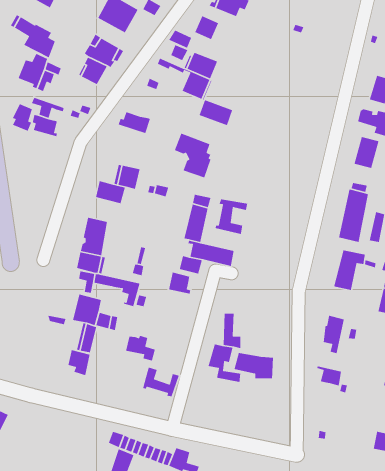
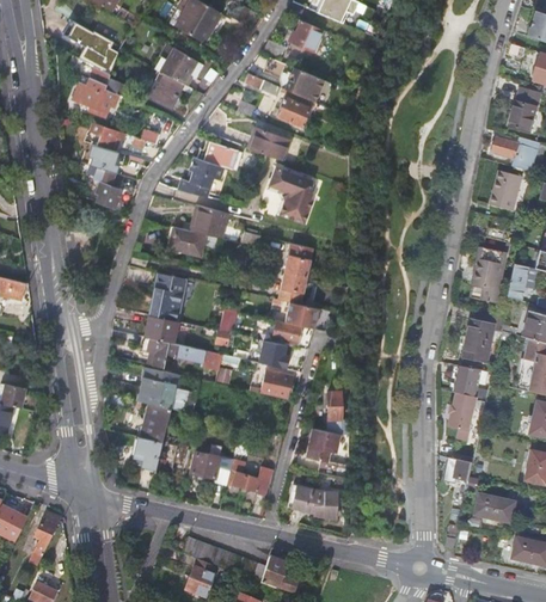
building: [199,99,233,126] -> [247,127,290,160]
building: [12,103,33,132] -> [96,172,122,208]
building: none -> [178,156,223,197]
building: [215,199,248,235] -> none
building: none -> [455,366,483,398]
building: none -> [260,370,295,399]
building: [125,335,156,362] -> [192,453,231,486]
building: [233,352,274,379] -> [288,484,338,517]
building: none -> [477,494,517,524]

